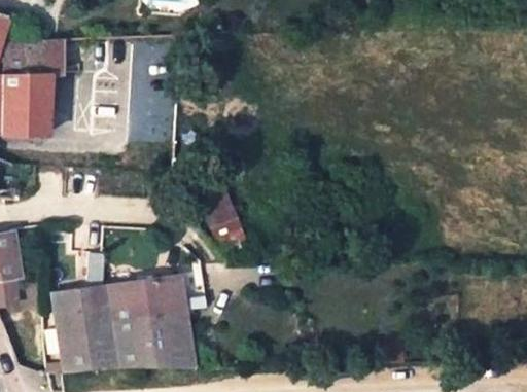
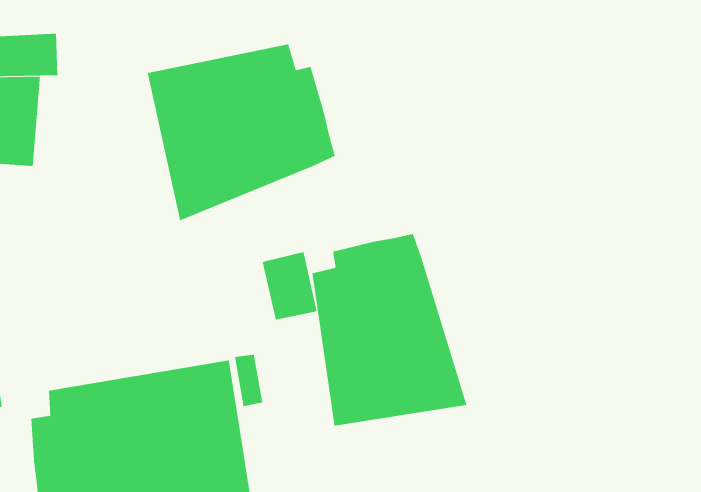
building: none -> [147,44,336,221]
building: none -> [312,233,467,426]

